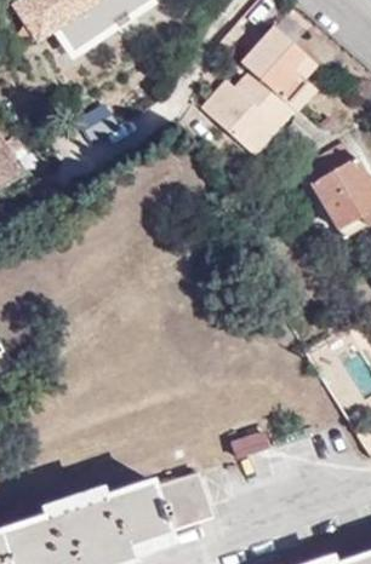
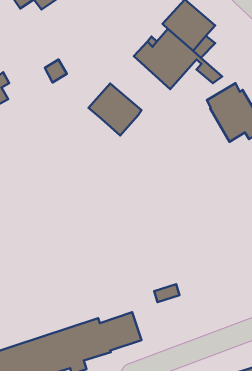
building: none -> [89,83,141,136]

